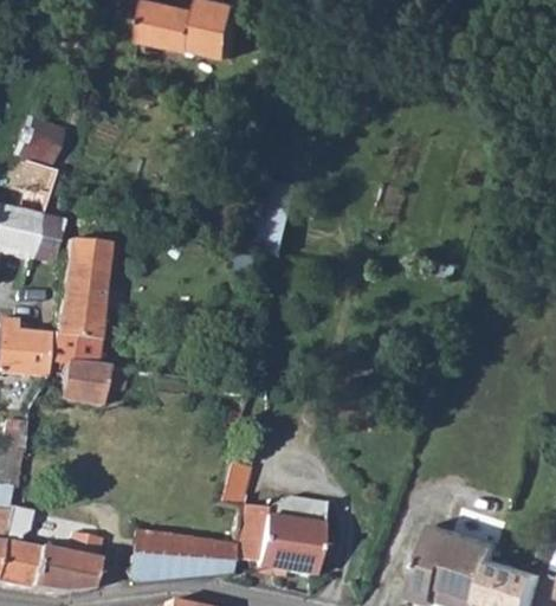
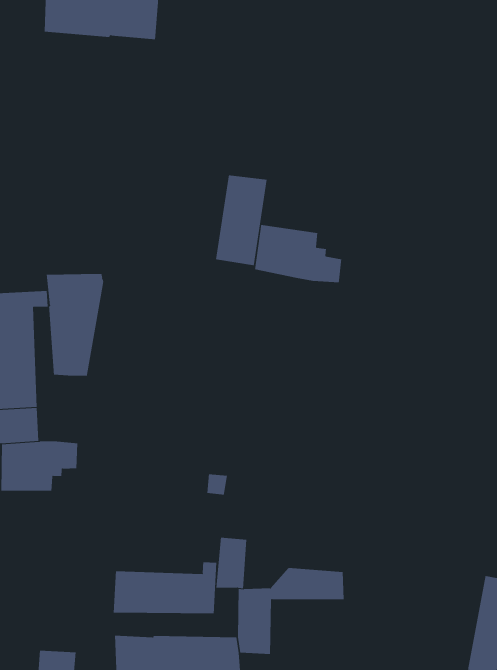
building: none -> [255,224,342,283]
building: none -> [46,273,104,376]
building: none -> [113,562,217,614]
building: [257,516,323,574] -> none

